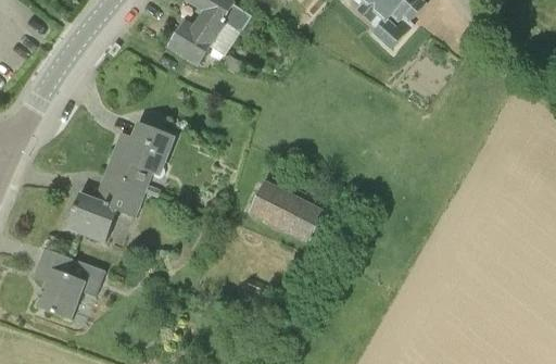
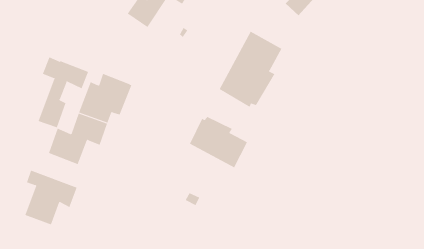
building: none -> [219,31,282,108]
building: none -> [38,56,89,128]

